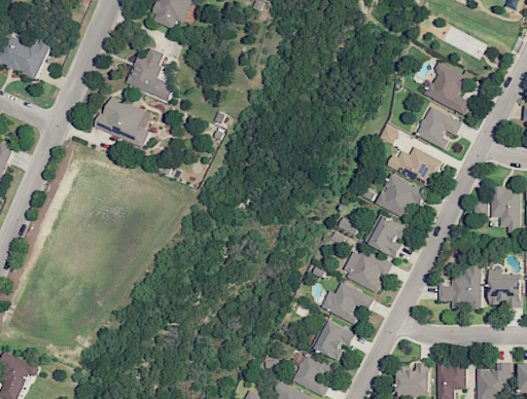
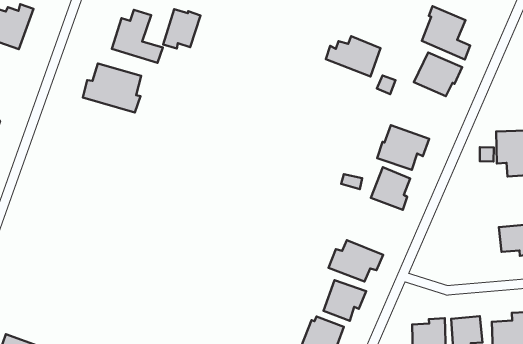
building: none -> [163,9,201,49]
building: [387,146,441,186] -> [326,36,381,77]
building: [343,245,392,291] -> none
building: [438,261,481,309] -> none

